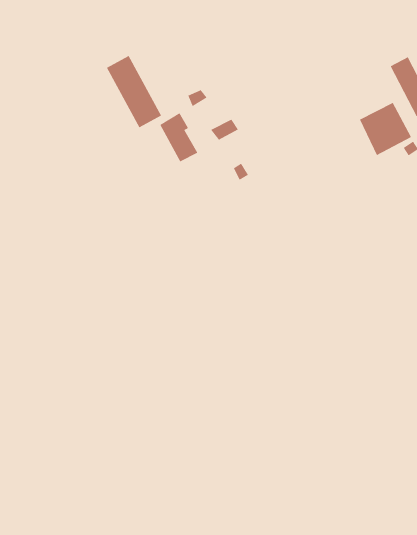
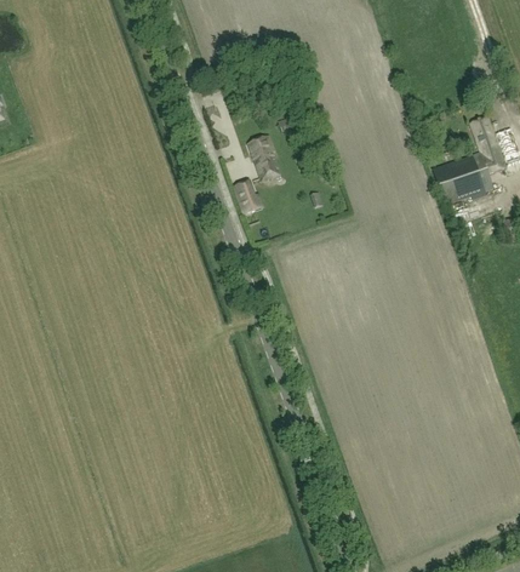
building: [106,55,162,128] -> none
building: none -> [233,181,263,213]

